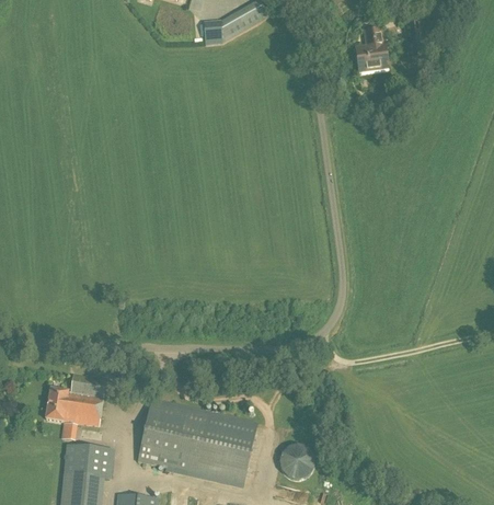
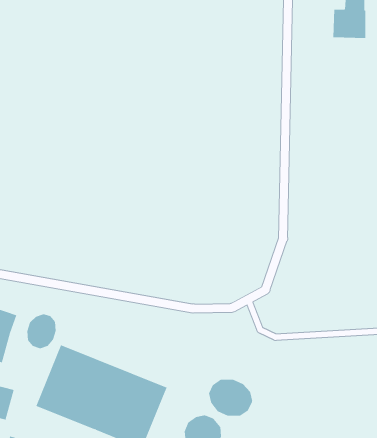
building: none -> [27,313,56,349]
building: none -> [209,379,253,417]

